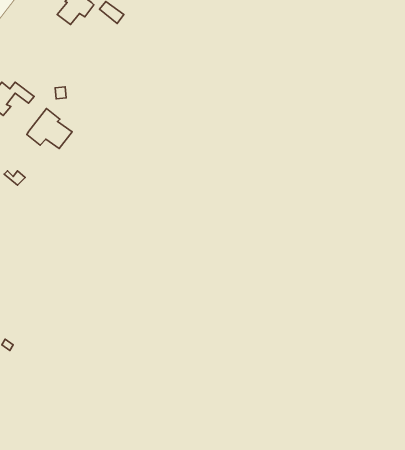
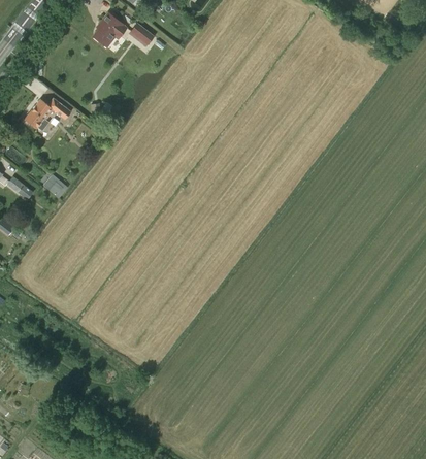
building: [27,109,72,149] -> none

